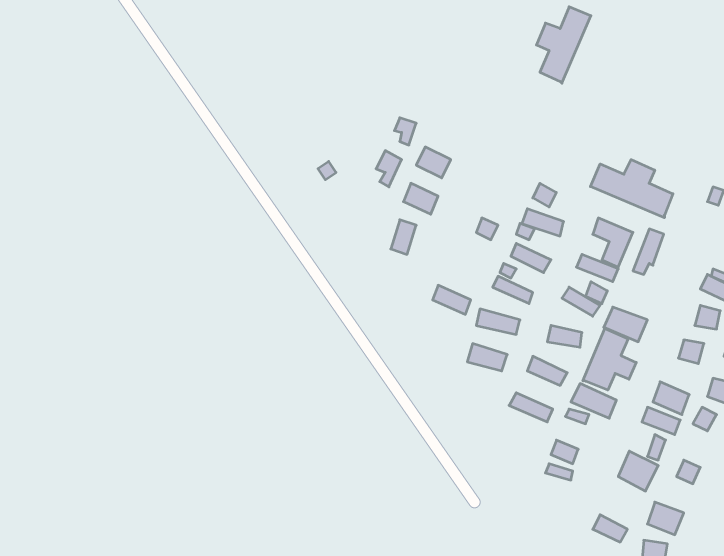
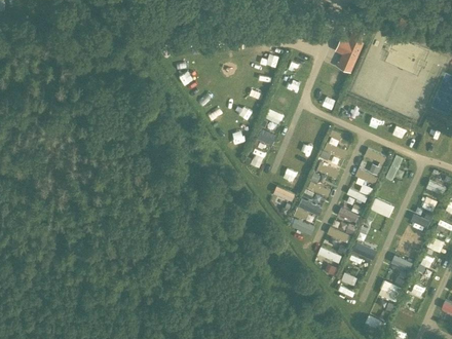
building: [590,160,673,218] -> none
building: [583,329,636,390] -> none

